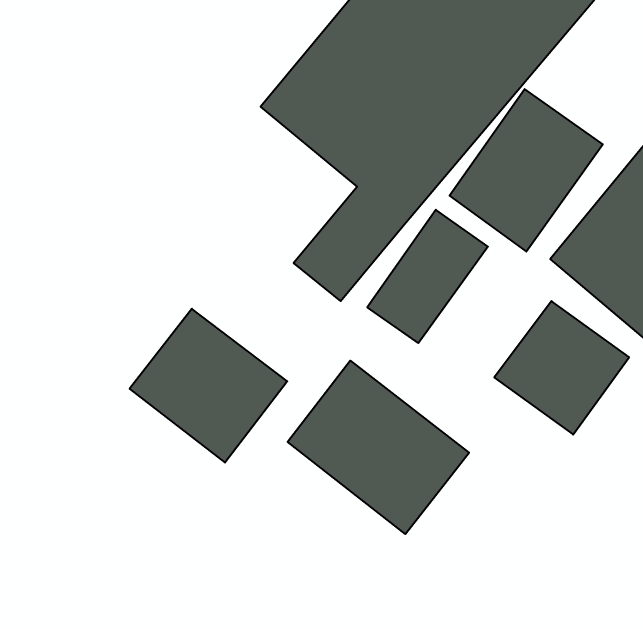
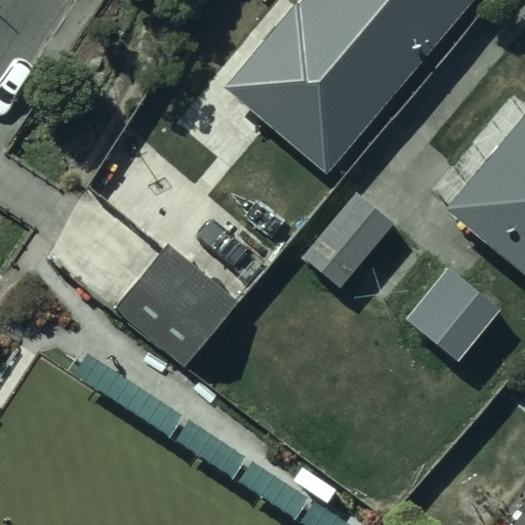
building: [450,89,603,252] -> none
building: [288,361,469,534] -> none

